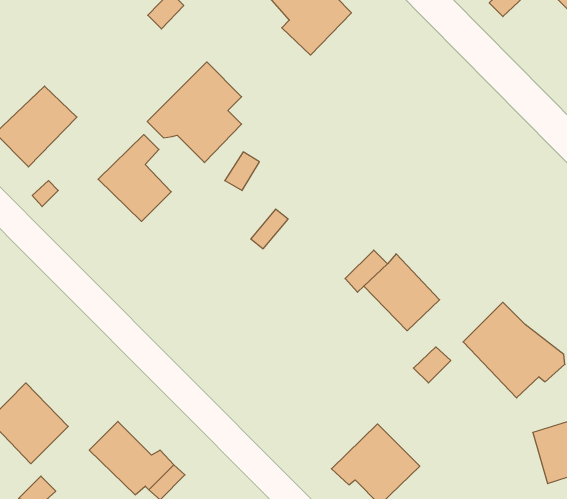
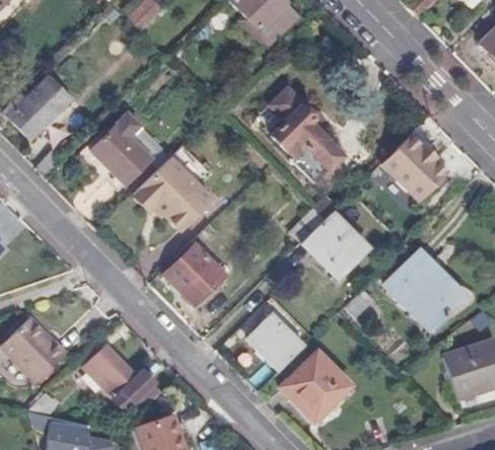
building: [147,62,242,163] -> [134,146,211,228]
building: none -> [270,87,342,179]
building: none -> [383,134,450,200]
building: none -> [166,243,228,303]
building: none -> [249,311,307,370]

